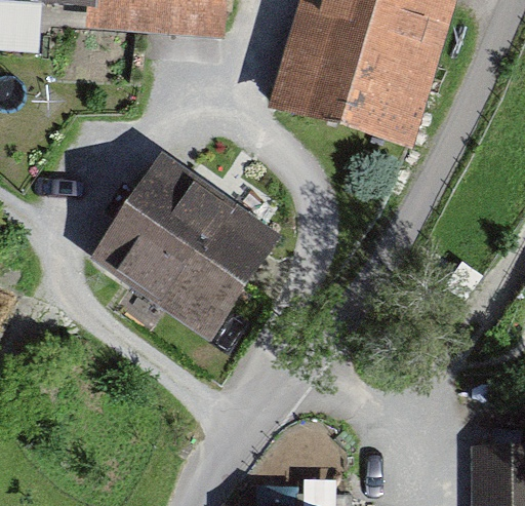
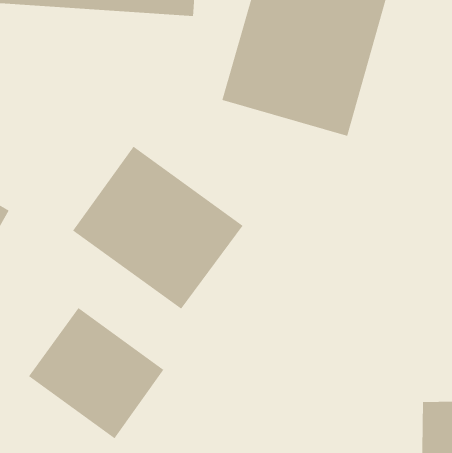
building: none -> [28,307,164,439]

